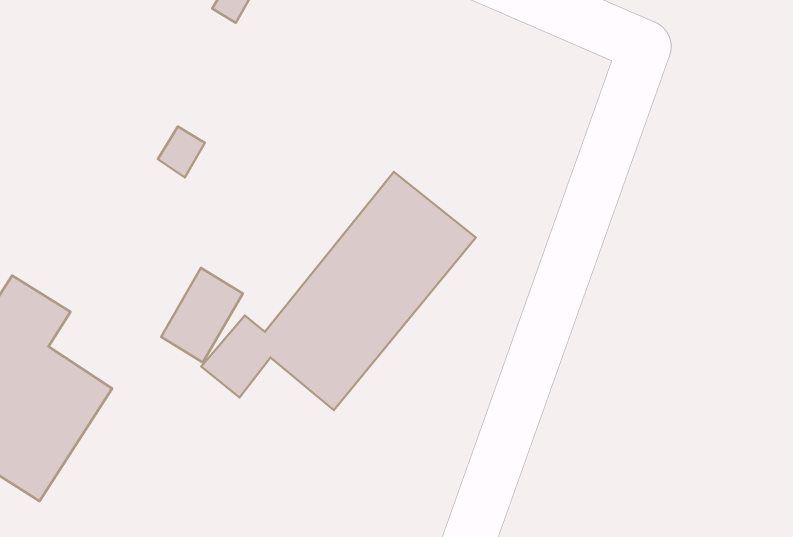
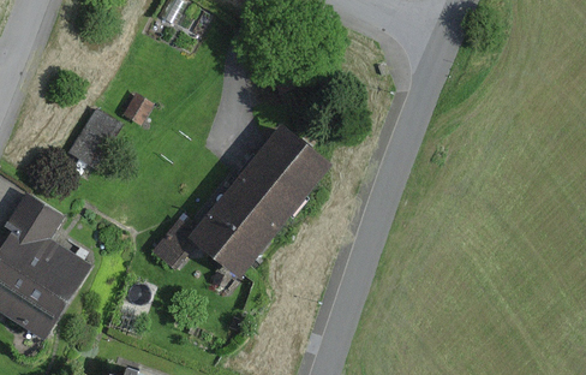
building: [161,268,243,362] -> [67,108,121,171]

